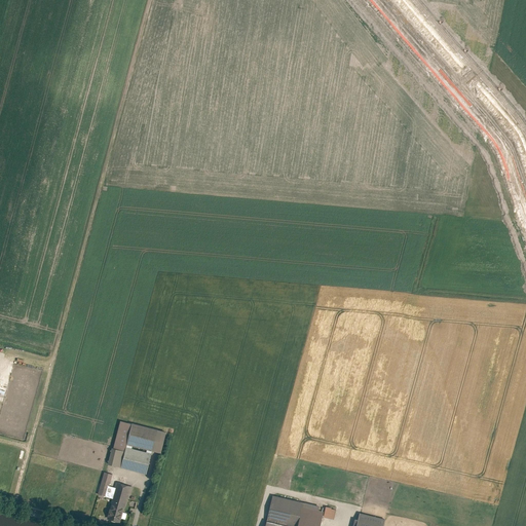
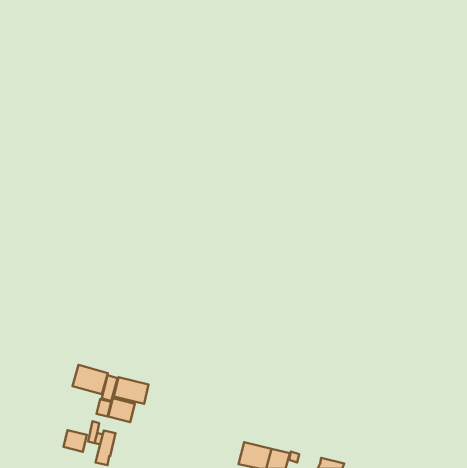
building: none -> [73,365,108,394]
building: none -> [63,430,87,452]

